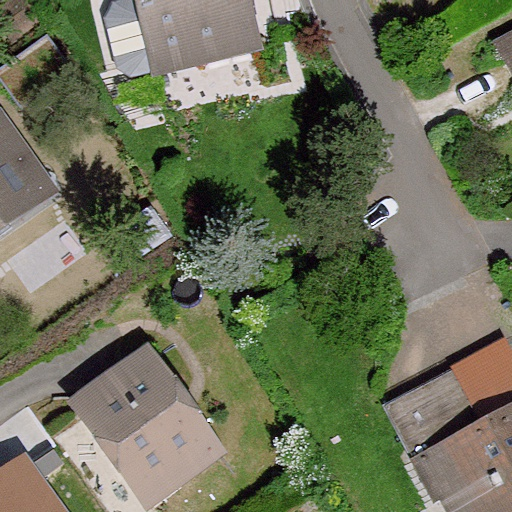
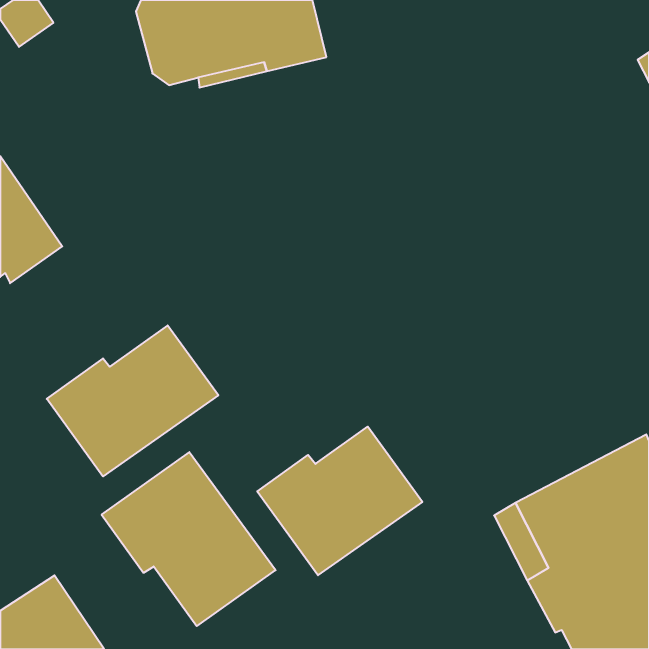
building: none -> [47,325,218,476]
building: none -> [257,427,422,575]

